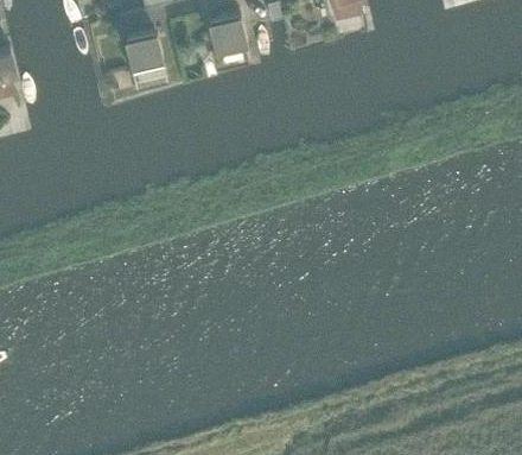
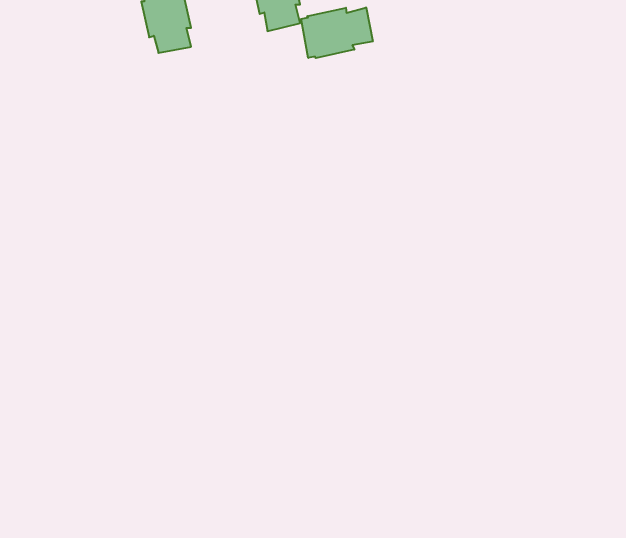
building: none -> [301,7,373,58]

